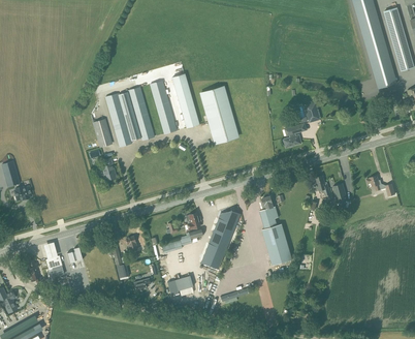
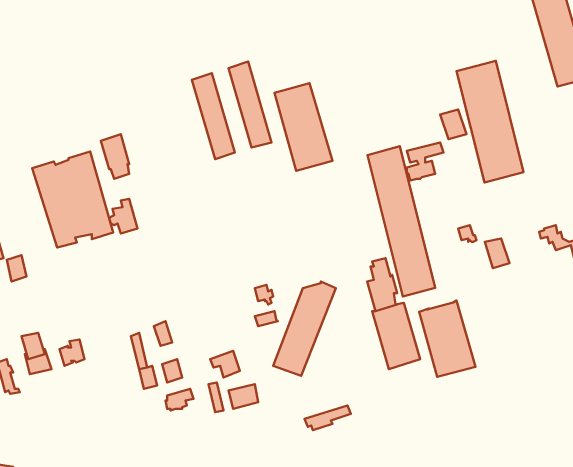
building: none -> [457,61,523,182]
building: [104,87,155,147] -> [32,152,113,248]
building: none -> [367,146,435,297]
building: none -> [419,300,475,377]

